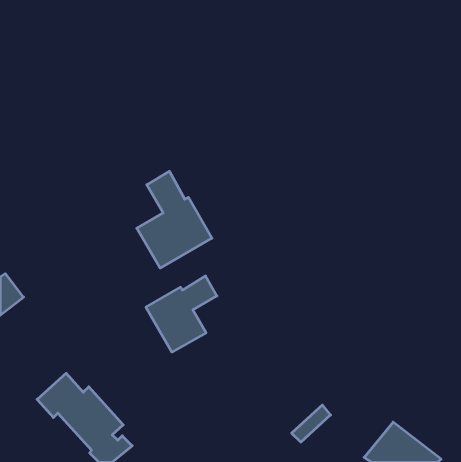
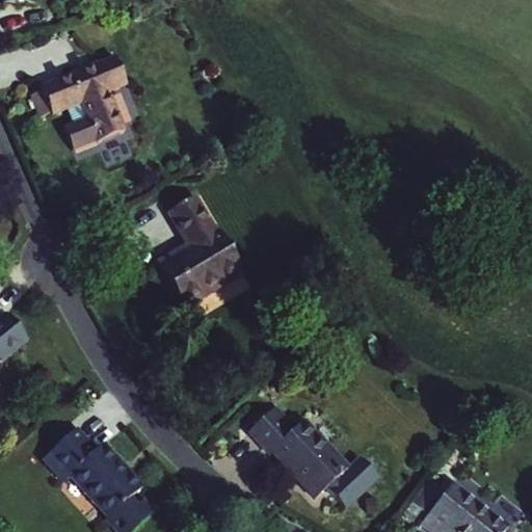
building: none -> [33,57,128,152]
building: [146,276,217,352] -> none
building: none -> [250,407,348,498]

